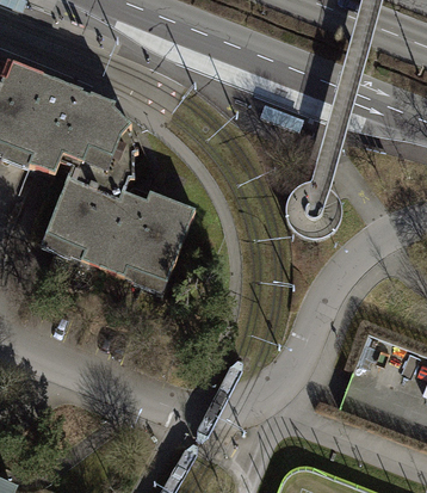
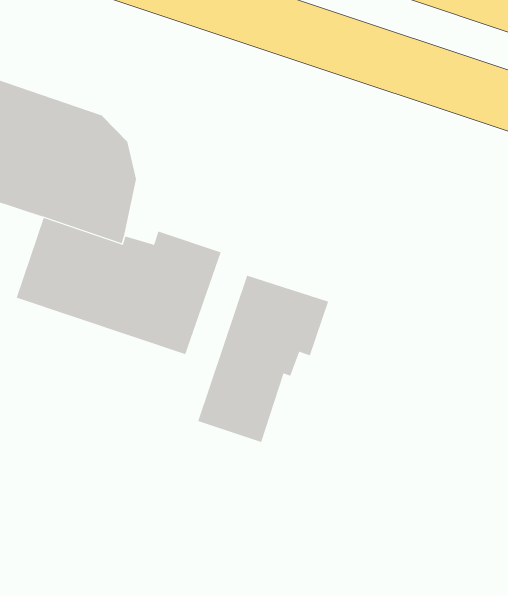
building: none -> [198,275,329,443]

